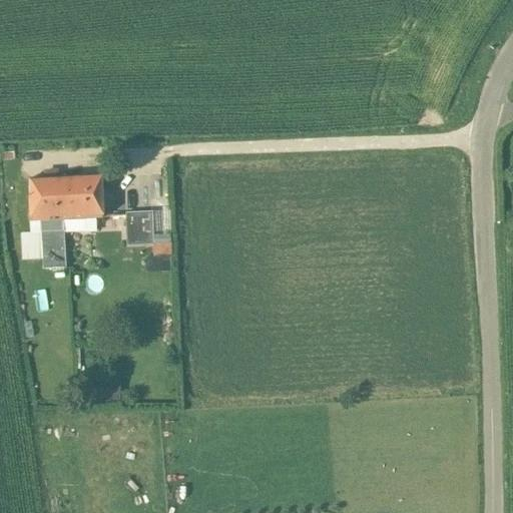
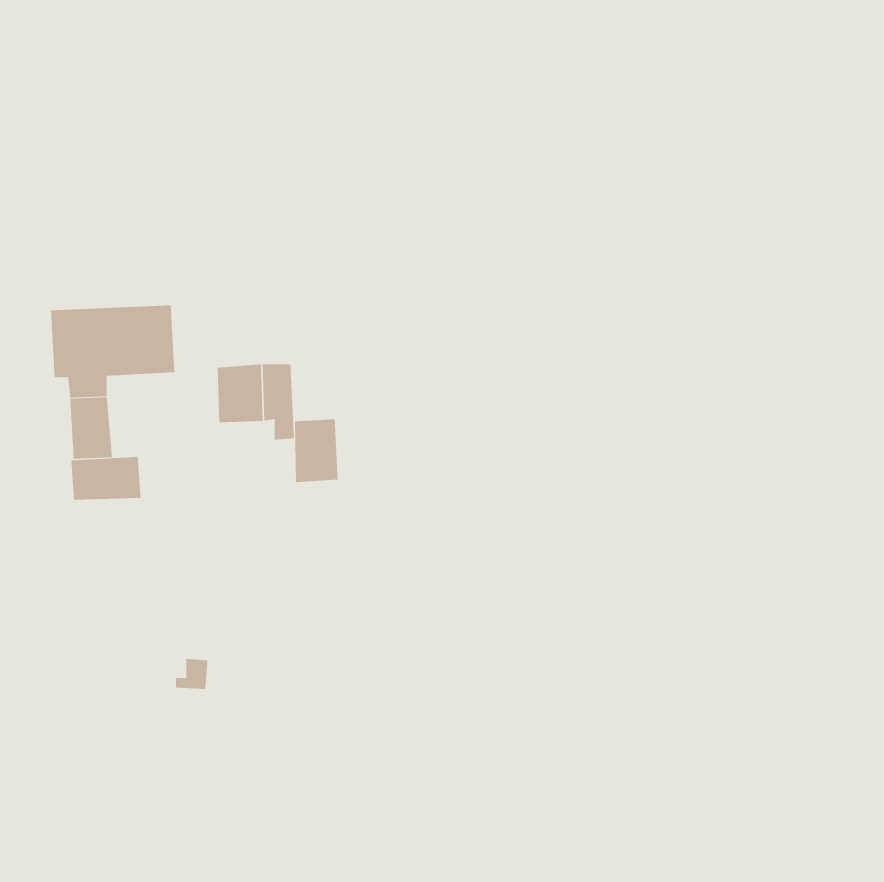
building: none -> [294,418,338,483]
building: none -> [71,456,141,501]

